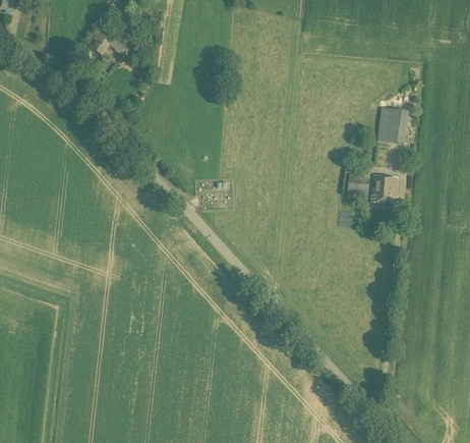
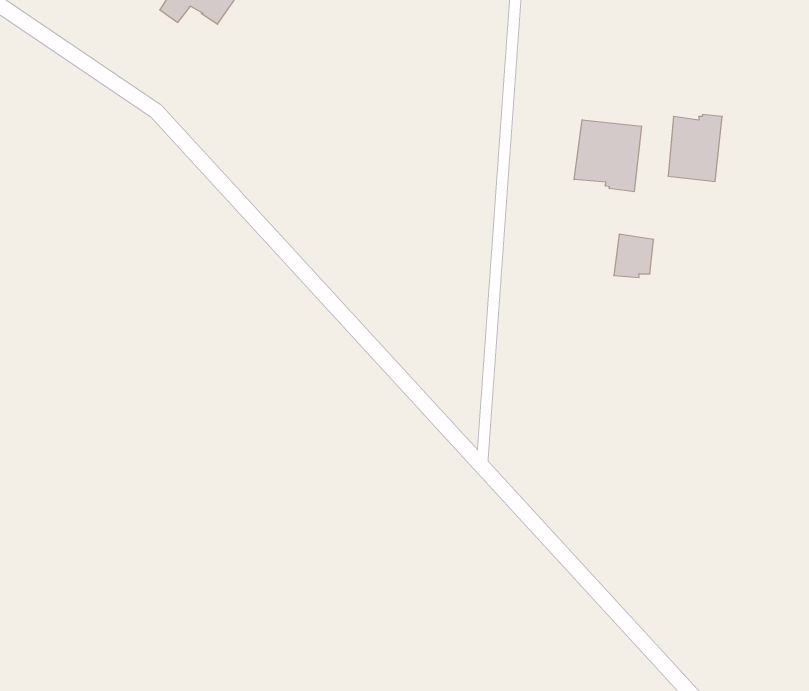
building: none -> [574,120,641,192]
building: [370,175,398,203] -> none

